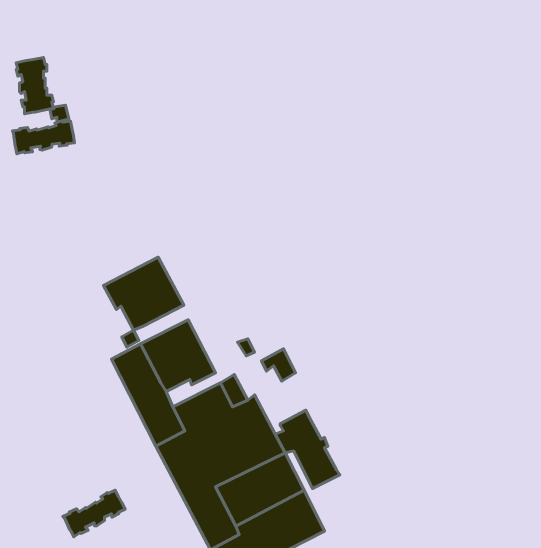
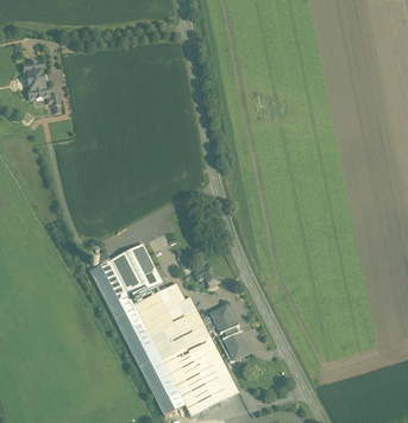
building: [12,121,74,154] -> none
building: [104,257,184,330] -> none
building: [63,490,125,537] -> none

